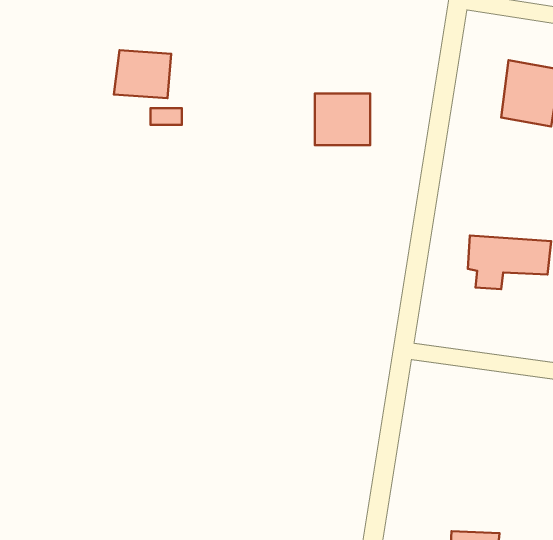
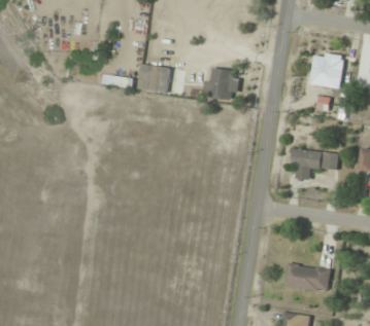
building: [114,50,171,98] -> [136,65,168,92]
building: none -> [283,263,329,292]

